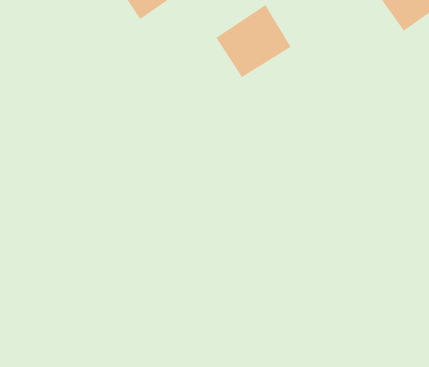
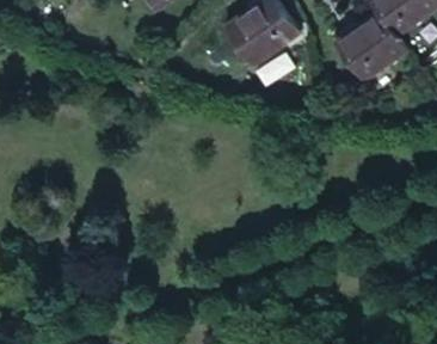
building: none -> [345,16,410,79]

